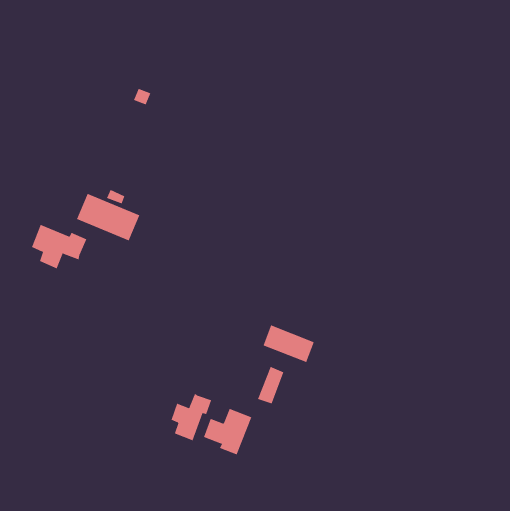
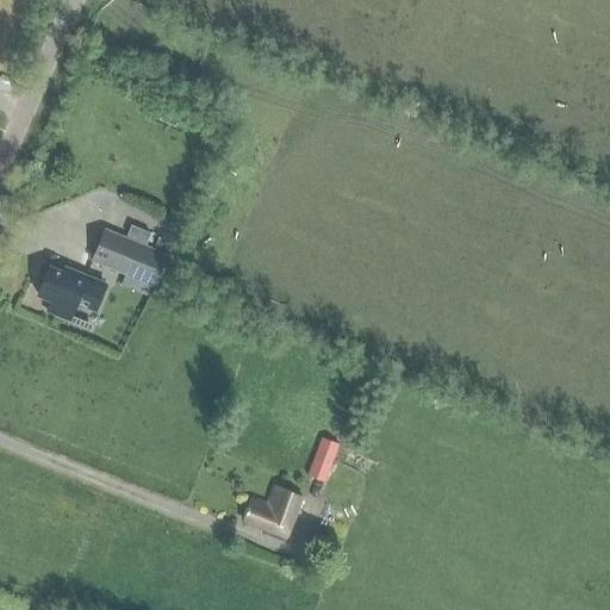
building: [263,324,315,363] -> none
building: [171,393,212,441] -> none

